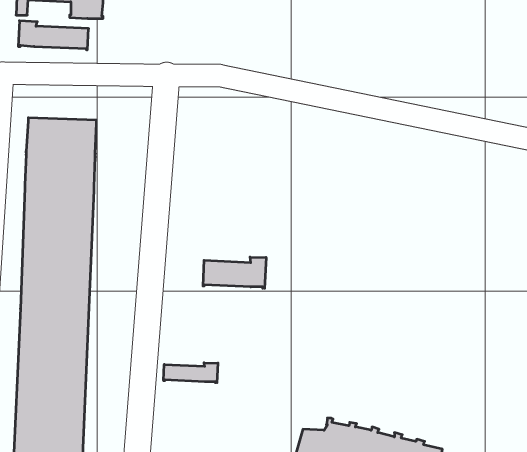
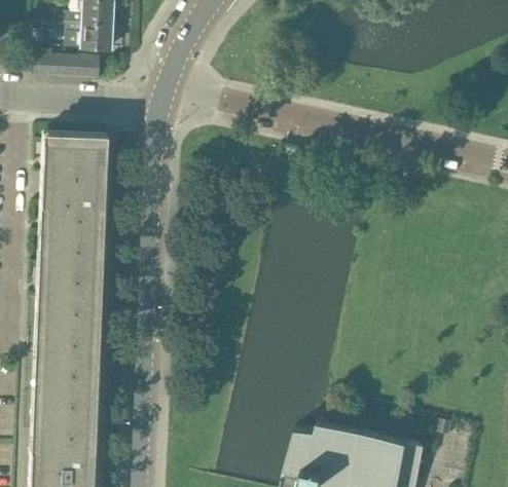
building: [203,257,266,288] -> none
building: [164,363,218,383] -> none

